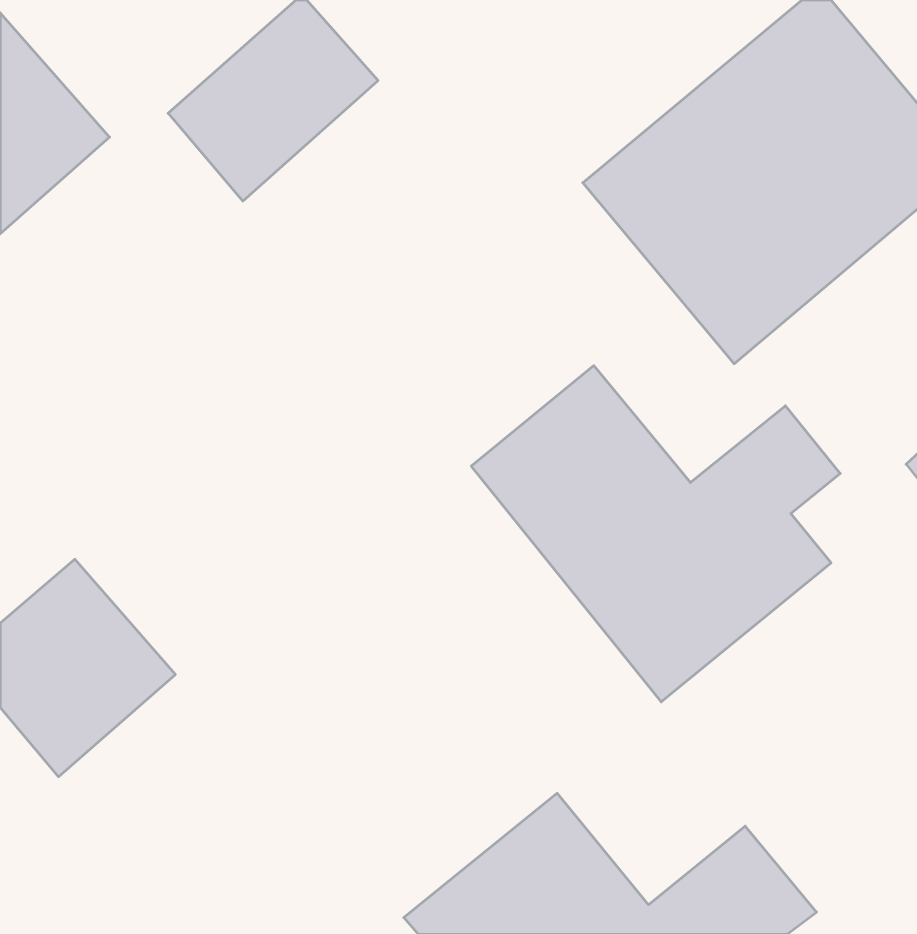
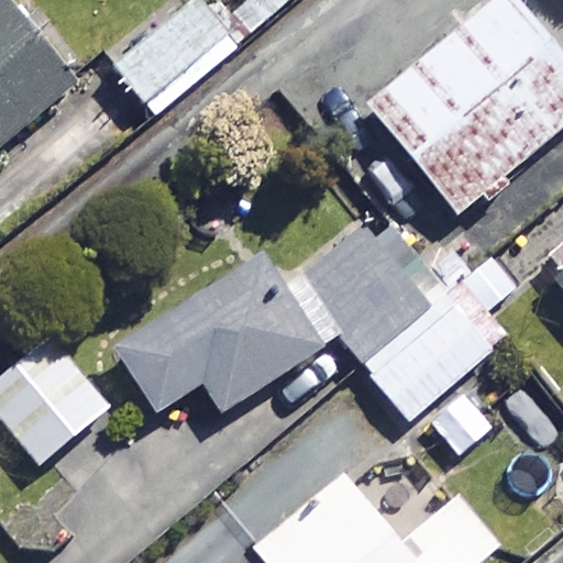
building: none -> [102,227,334,420]

